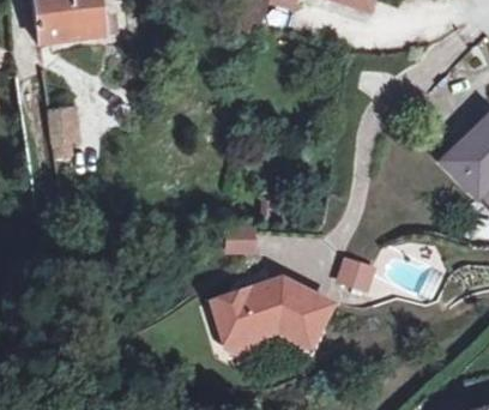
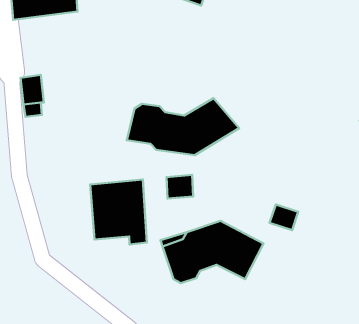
building: none -> [127,98,239,155]
building: none -> [90,179,147,245]

